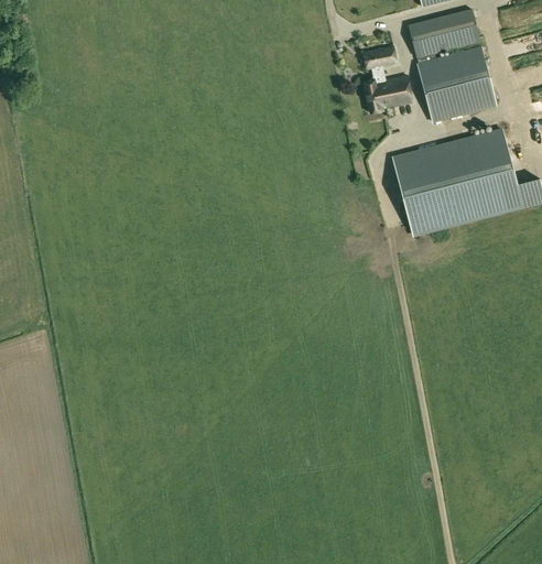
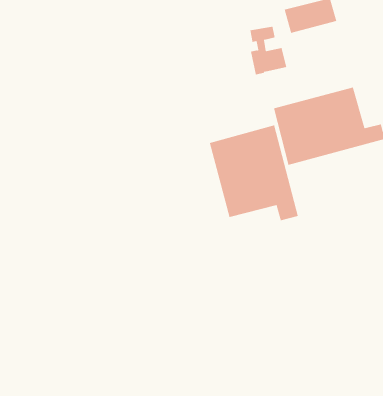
building: [416,47,496,122] -> none
building: none -> [209,125,298,221]

